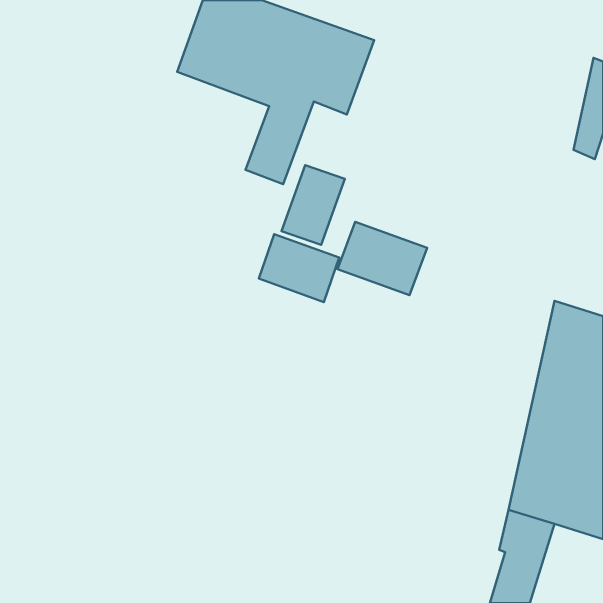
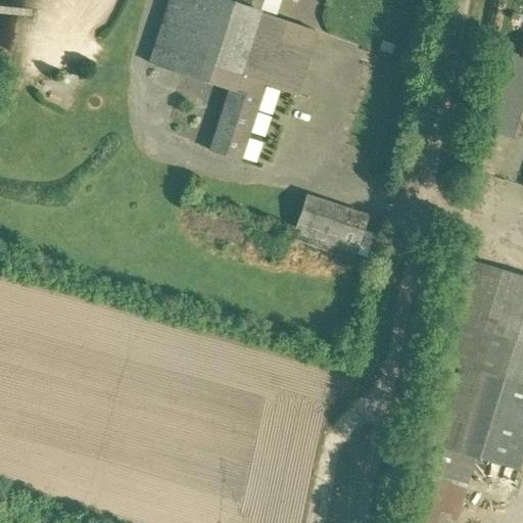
building: [281,165,345,245] -> none
building: [259,234,339,302] -> none

